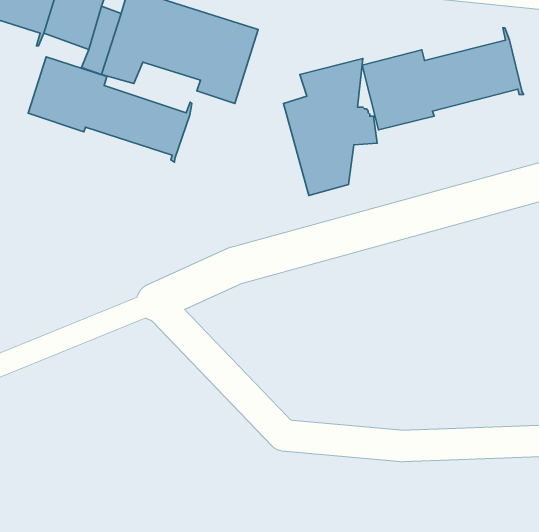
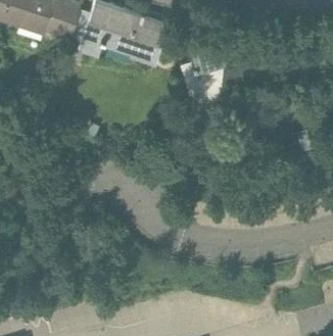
building: [362,28,523,130] -> none
building: [28,57,192,162] -> none

